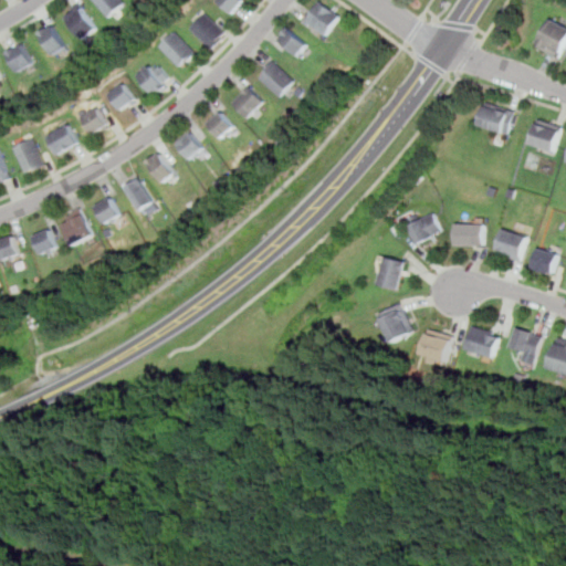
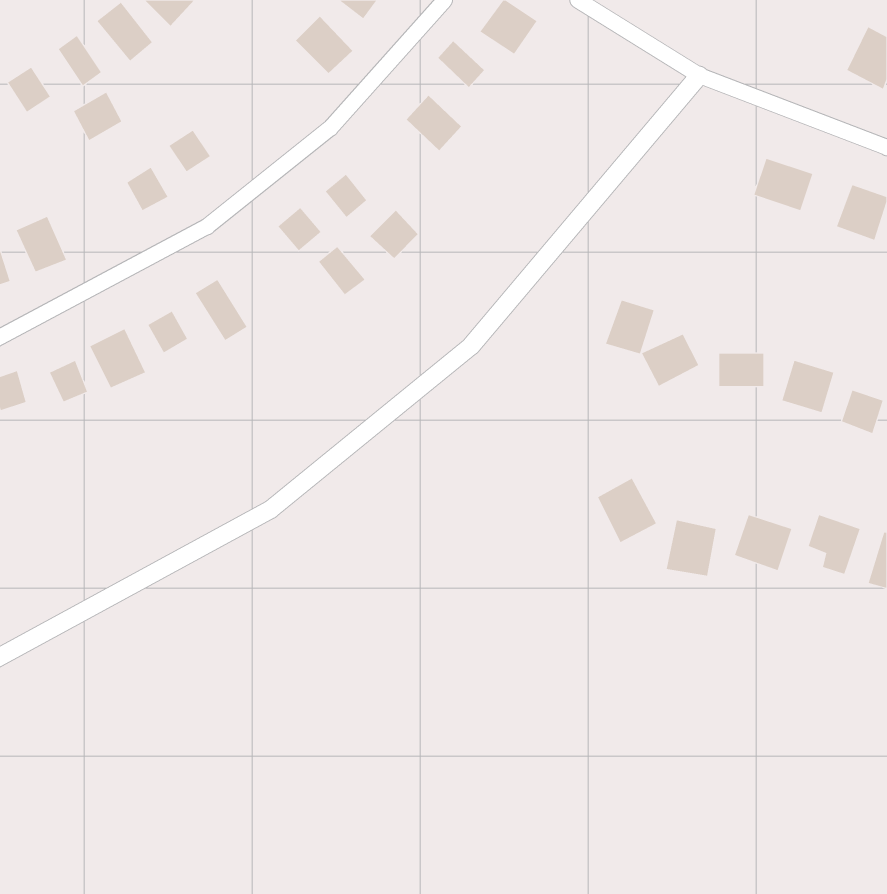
building: [156,32,192,69] -> none
building: [135,61,170,97] -> none
building: [230,87,261,118] -> [369,210,419,259]
building: [45,124,76,155] -> [73,92,122,141]
building: [144,153,174,184] -> [318,246,365,295]
building: [373,256,403,291] -> [605,300,654,354]

